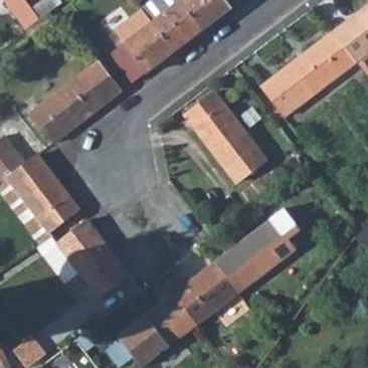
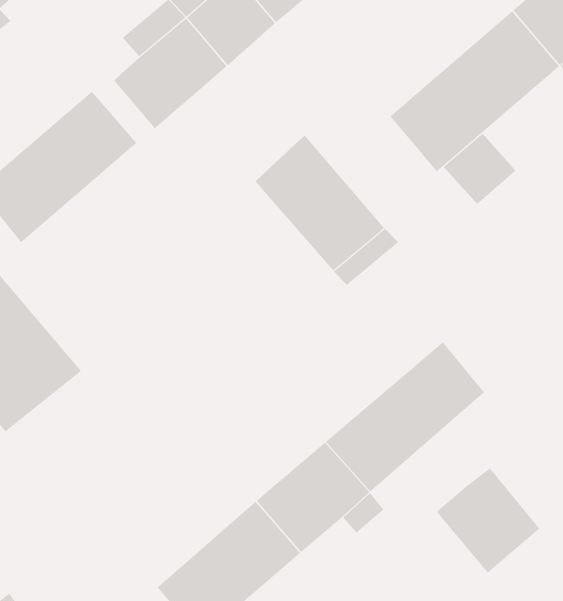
building: none -> [443,133,517,205]
building: [58,219,128,296] -> none
building: none -> [436,468,540,574]

